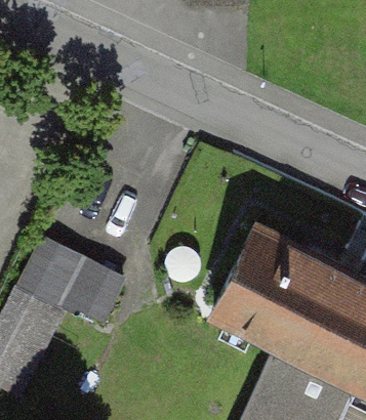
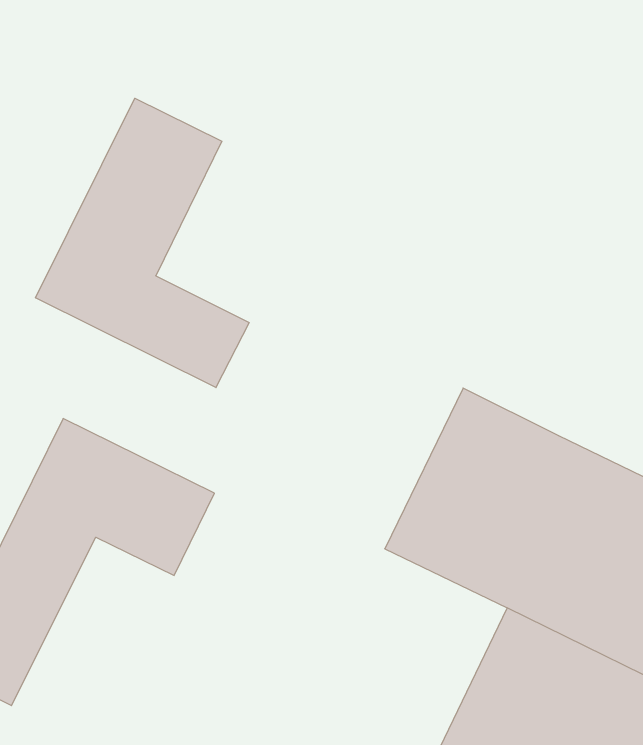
building: none -> [36,98,249,388]

